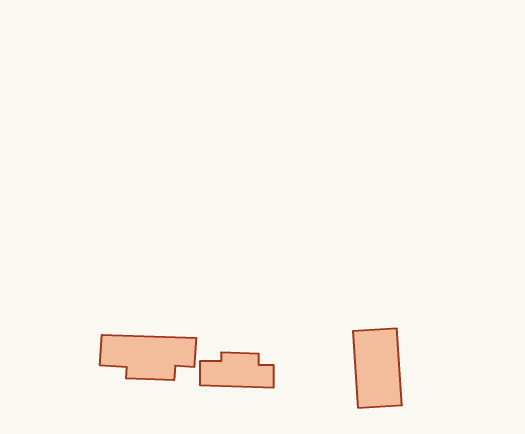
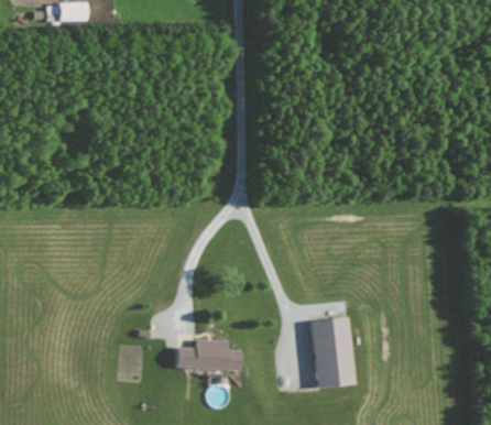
building: [100,335,196,380] -> none

